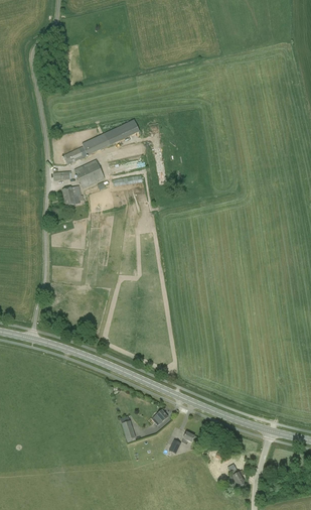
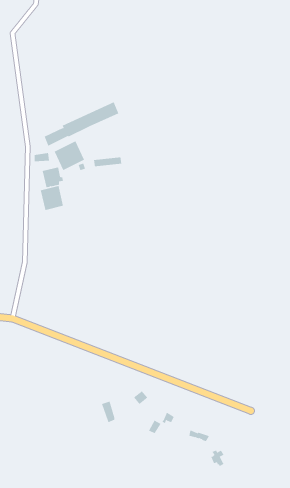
building: none -> [40,185,64,211]

